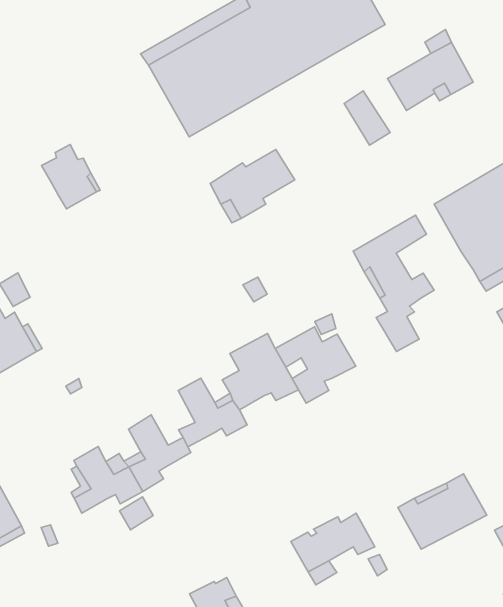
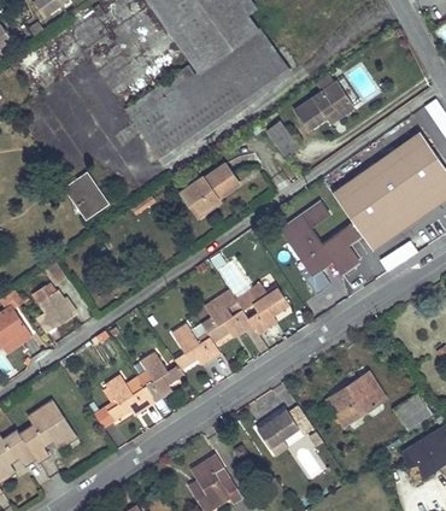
building: none -> [329,223,363,275]

